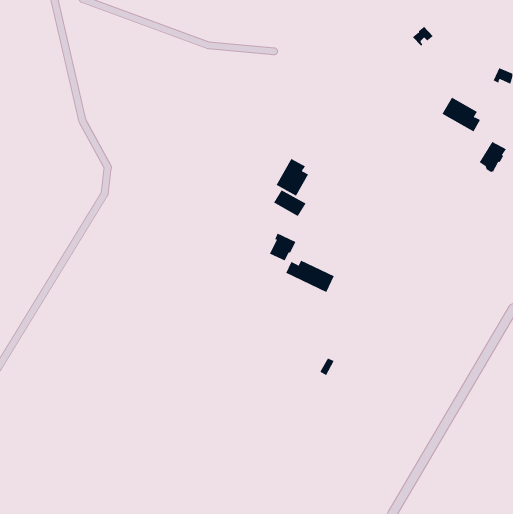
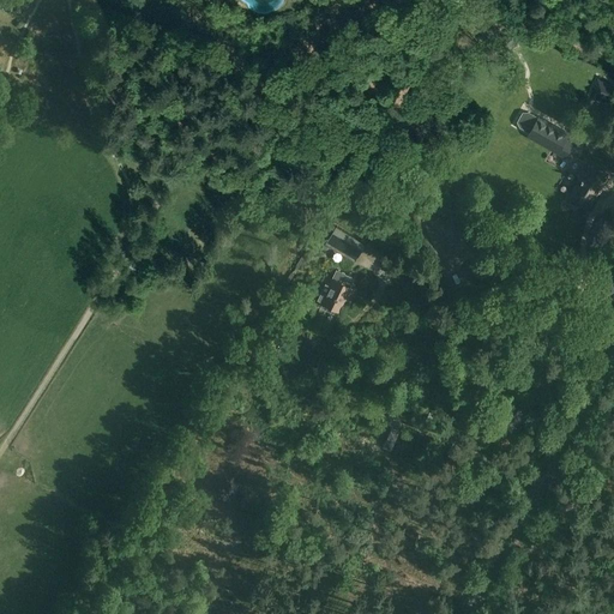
building: [276,158,309,196] -> none
building: [286,260,334,293] -> none

